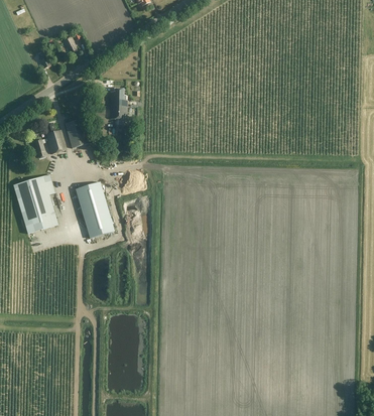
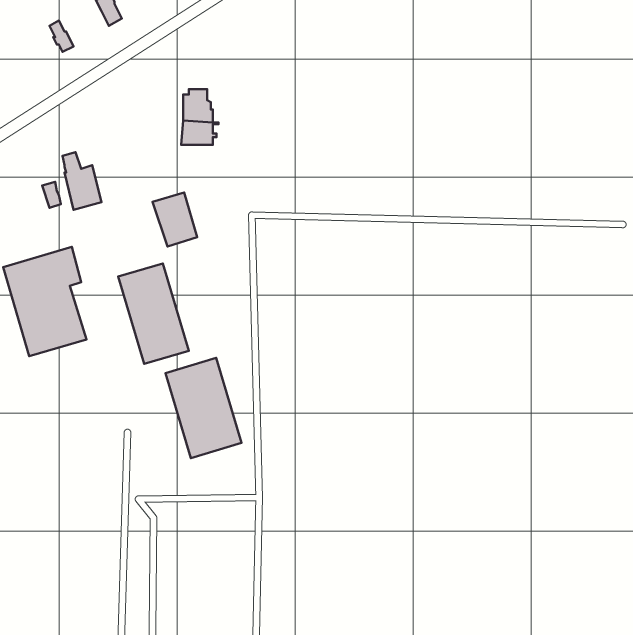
building: [65,118,89,147] -> [153,193,197,246]
building: none -> [165,358,241,458]

